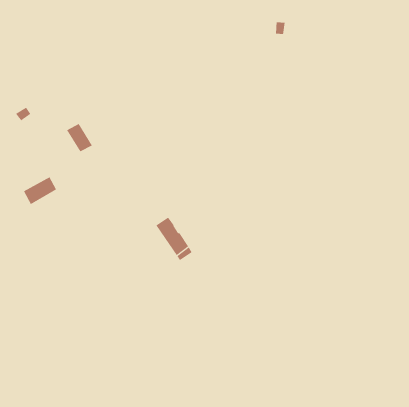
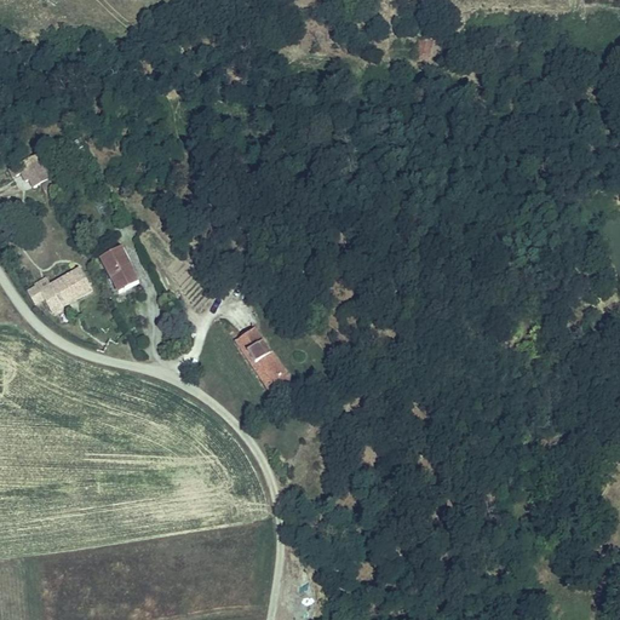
building: [66,123,93,152] -> [97,242,137,286]

